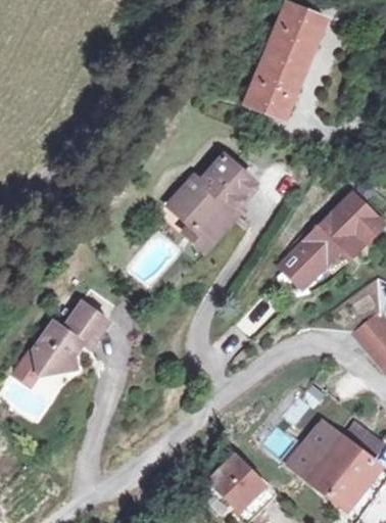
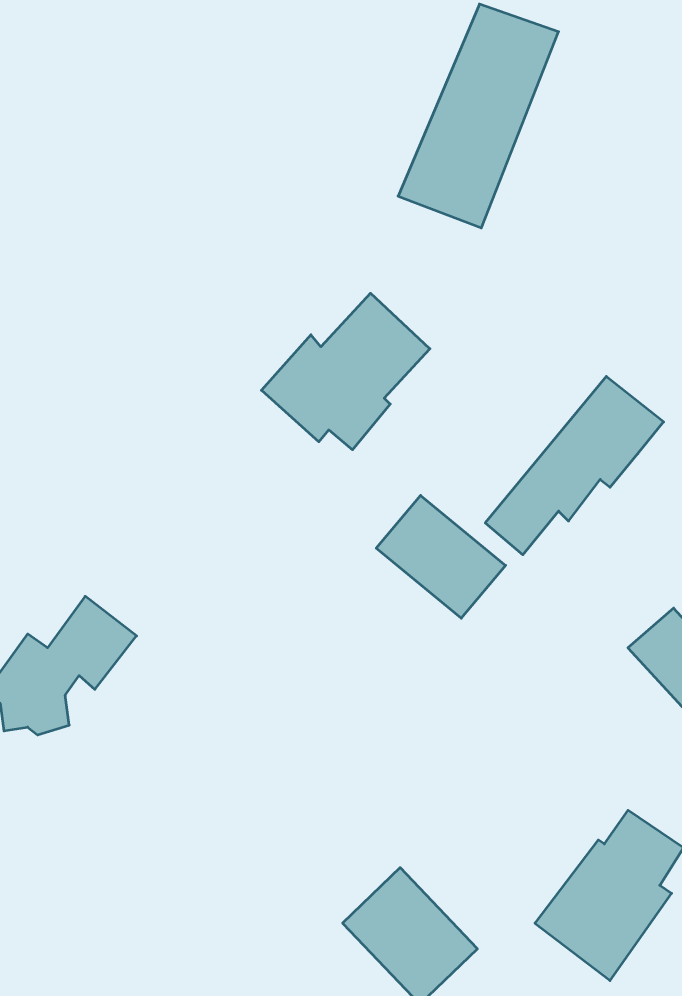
building: none -> [376,495,506,618]
building: [289,421,341,478] -> none

